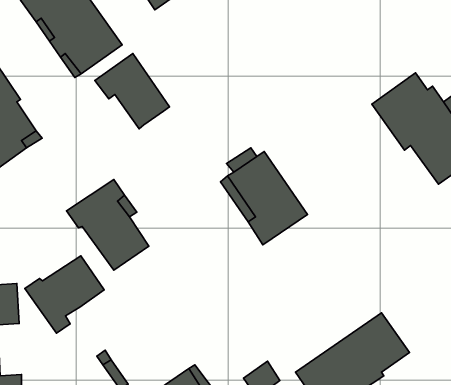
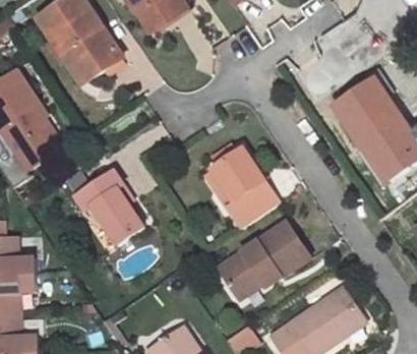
building: [95,54,170,129] -> none
building: none -> [217,221,308,292]
building: [25,256,104,333] -> none

